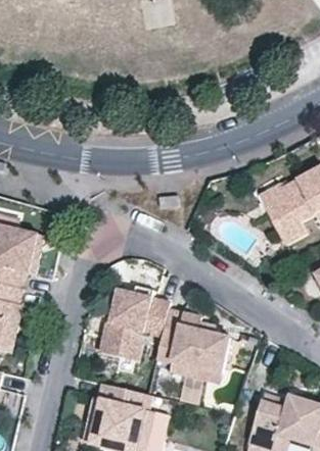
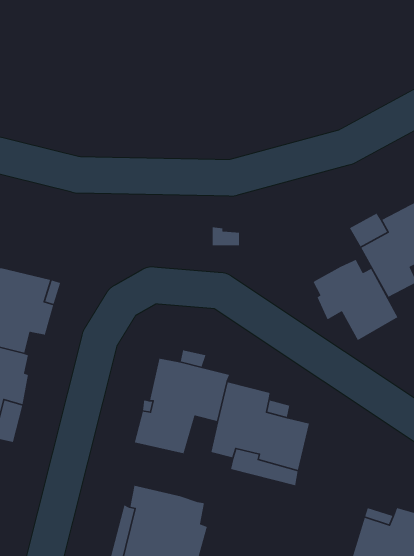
building: none -> [312,259,399,341]

